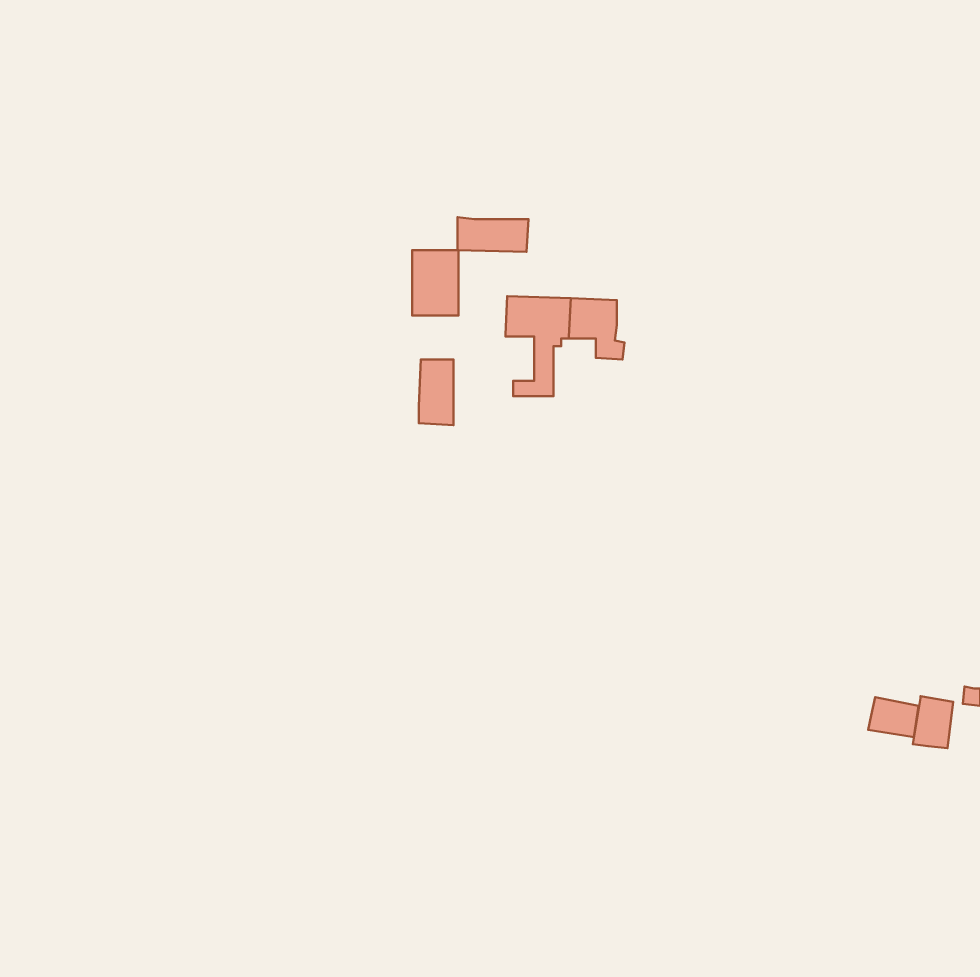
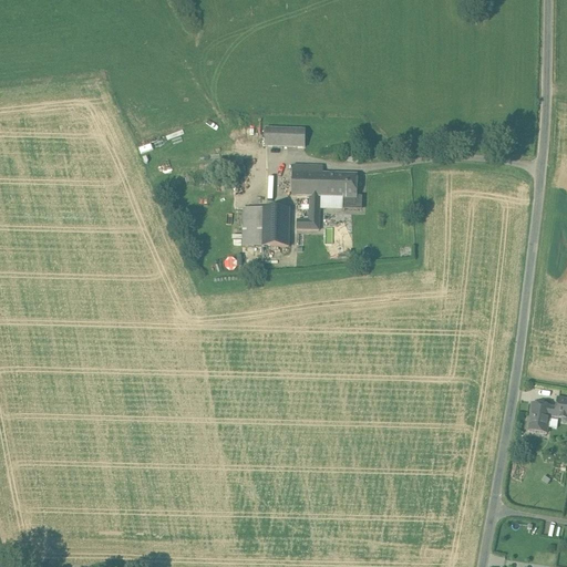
building: [412,250,458,315] -> [261,207,288,245]
building: [868,697,918,737] -> none

